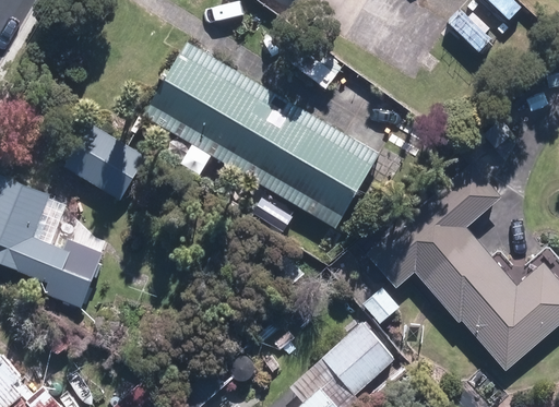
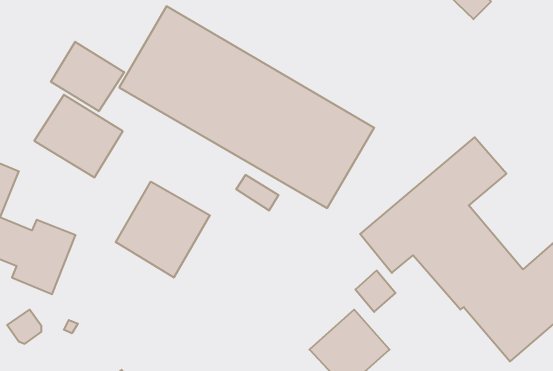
building: none -> [51,42,124,111]
building: none -> [116,182,210,278]

